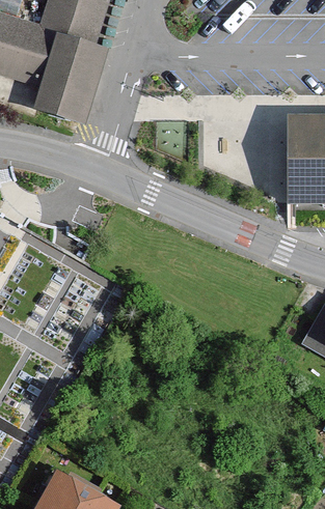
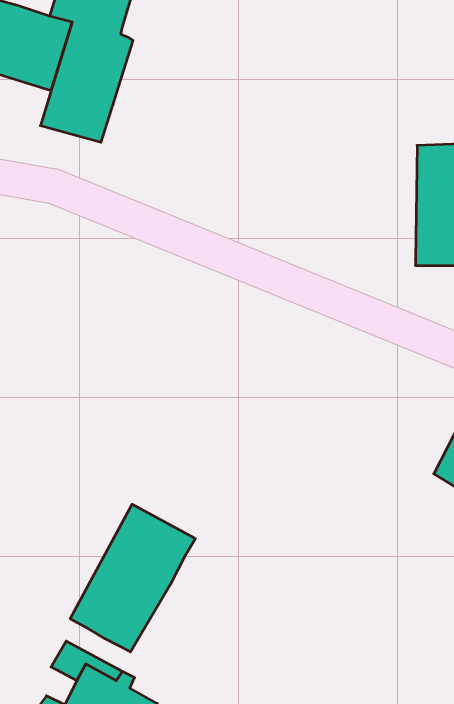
building: none -> [70,504,195,652]

